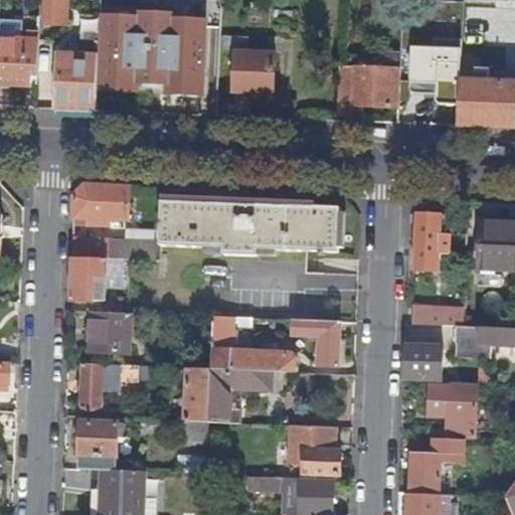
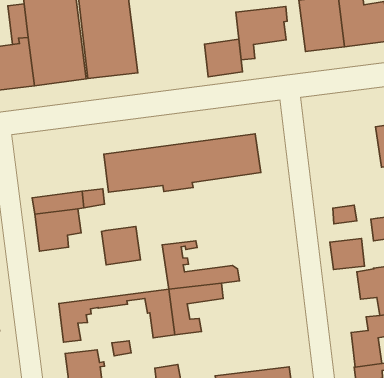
building: [232,50,275,90] -> [204,39,242,77]
building: [72,184,129,224] -> none
building: [414,214,449,270] -> none
building: [89,311,130,351] -> [102,226,141,265]
building: [269,317,338,365] -> none
building: [288,423,339,473] -> none

